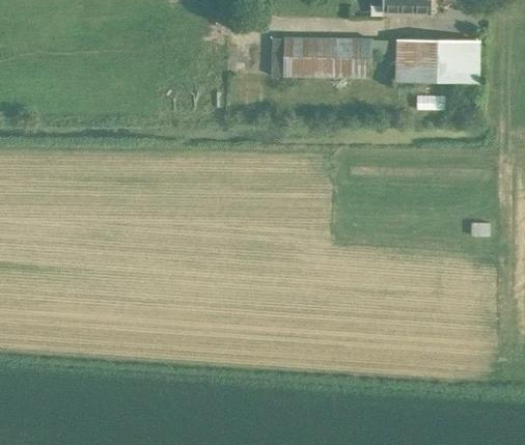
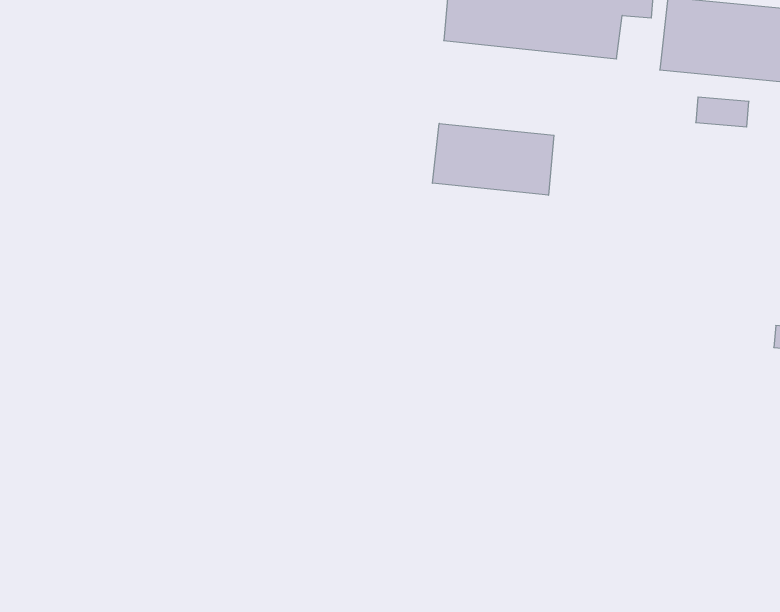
building: none -> [432,123,554,195]

